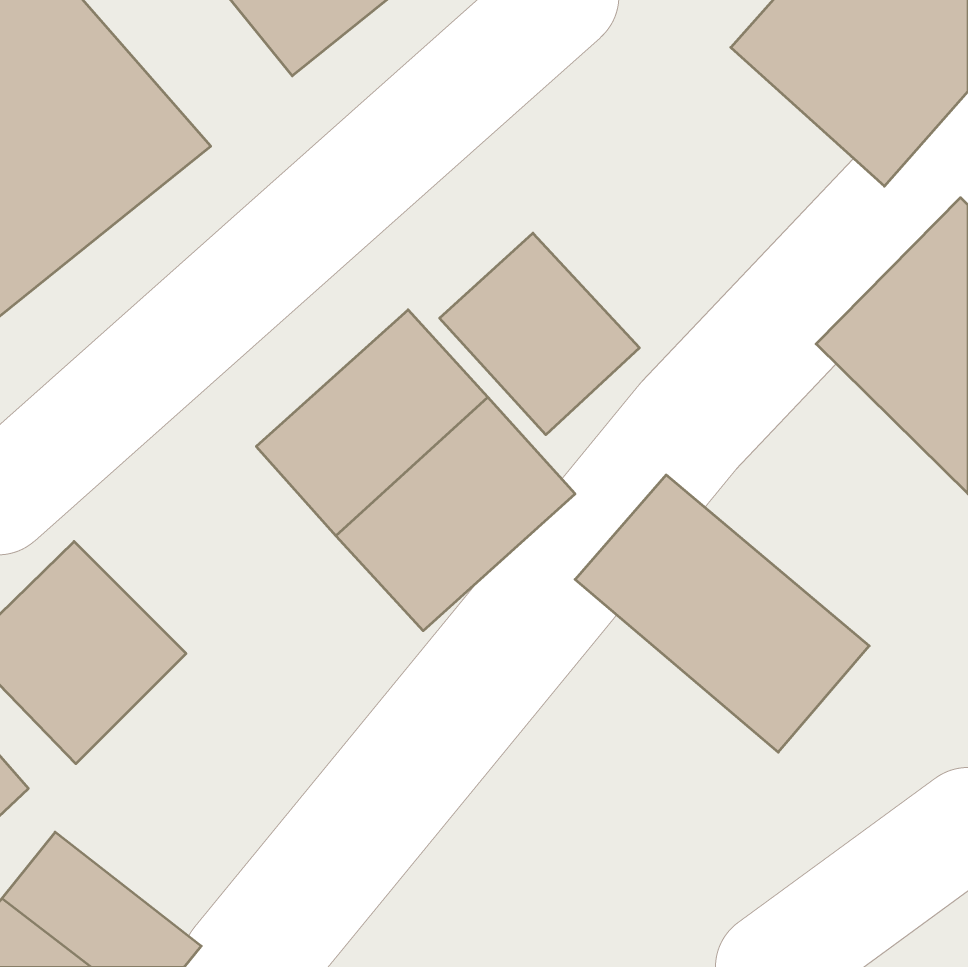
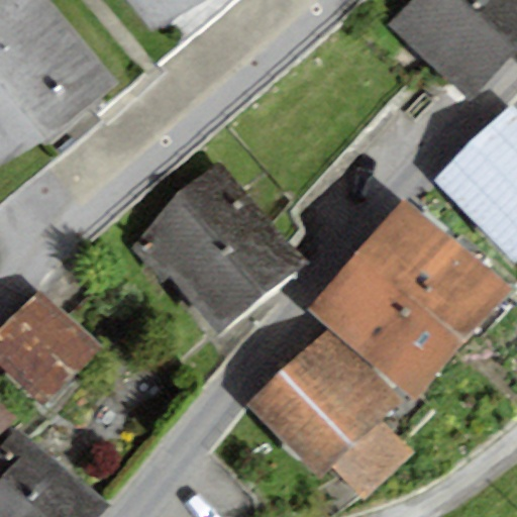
building: [440,233,639,435] -> none
building: none -> [354,196,510,343]
building: none -> [247,329,413,499]

